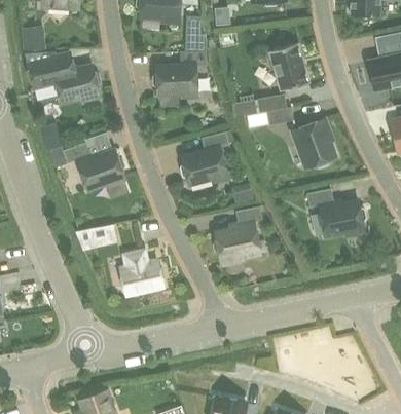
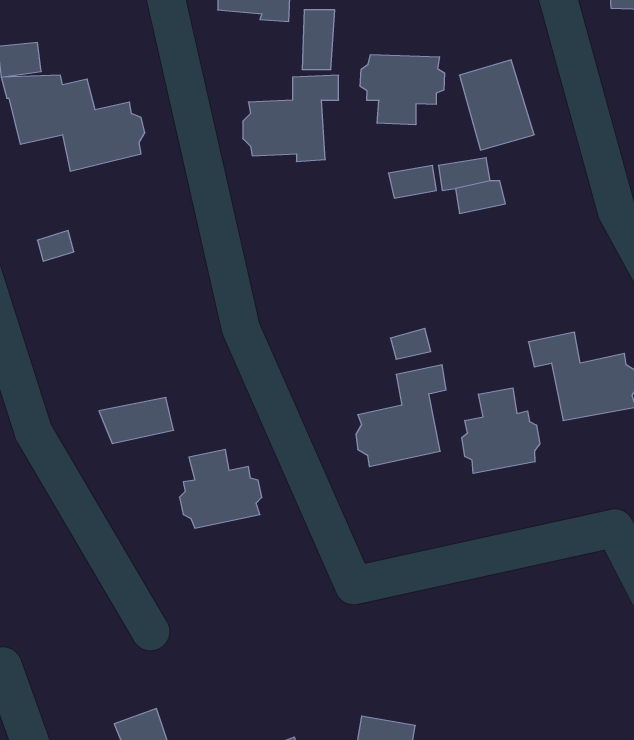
building: none -> [360,55,445,125]
building: [290,119,334,167] -> none
building: [180,130,227,184] -> none
building: [62,142,129,198] -> none
building: none -> [462,388,540,473]

